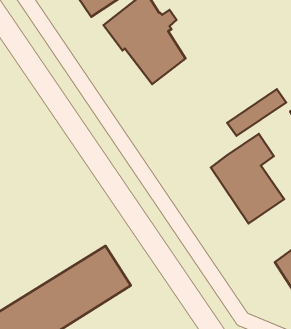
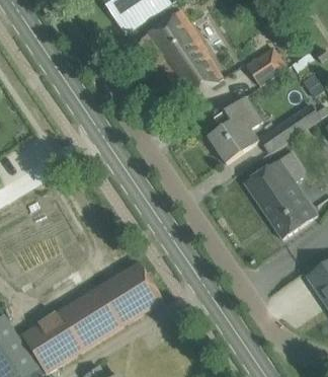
building: none -> [241,42,285,84]
building: none -> [208,96,261,163]

